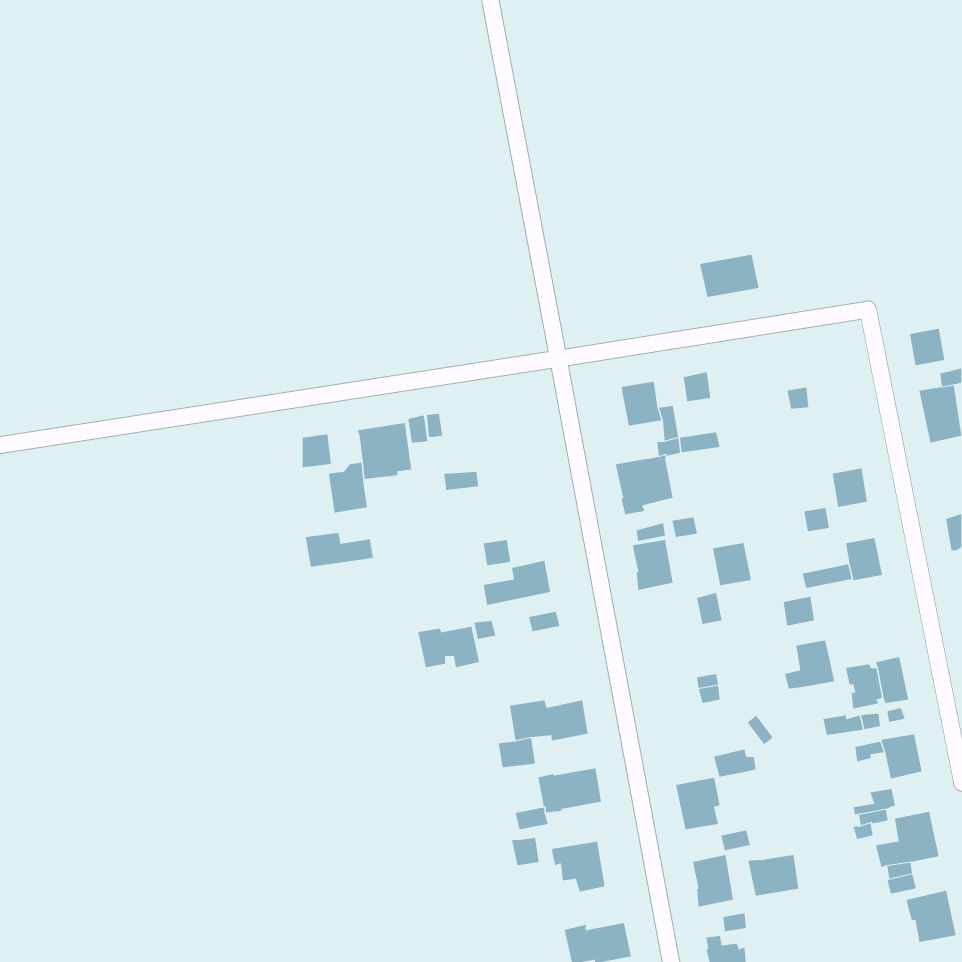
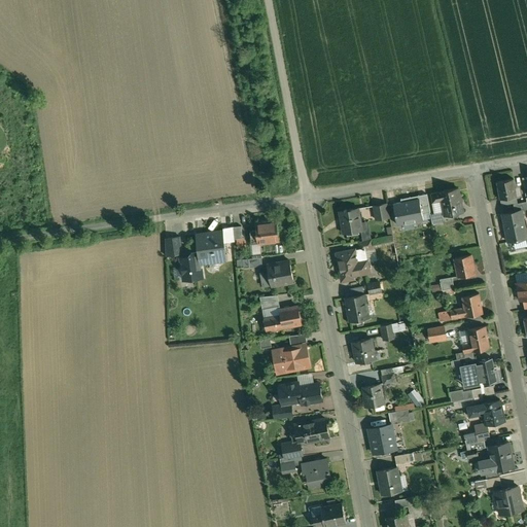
building: [699,254,760,298] -> [392,200,425,223]
building: none -> [430,189,462,216]
building: none -> [249,222,278,244]
building: none -> [267,261,292,287]
building: [305,532,374,568] -> none
building: [712,543,752,586] -> [352,340,374,363]
building: [417,626,480,668] -> [275,348,309,371]
building: [784,640,835,689] -> [461,327,489,354]
building: none -> [362,385,383,409]
building: [748,854,799,897] -> none

